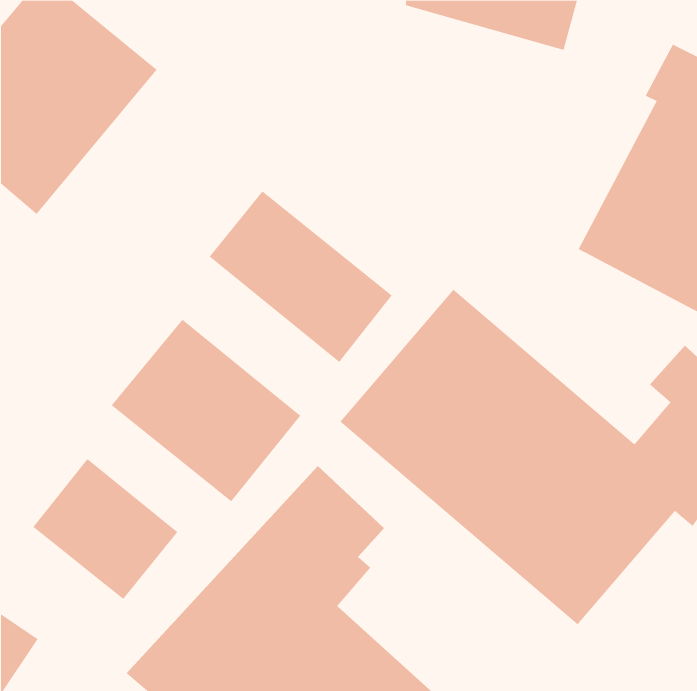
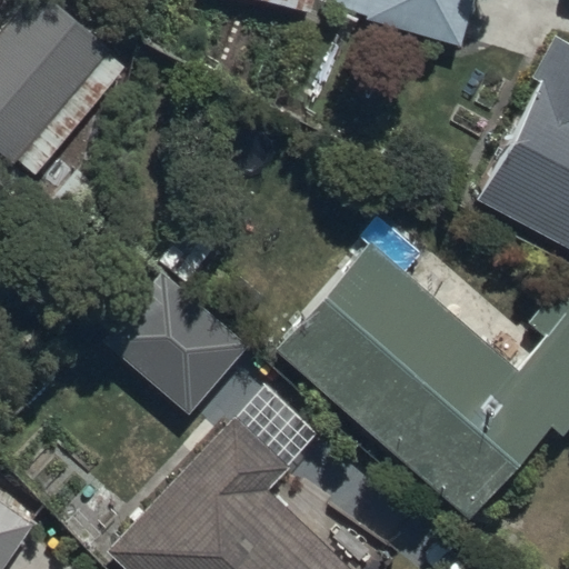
building: [209,190,393,363] -> none
building: [33,458,178,600] -> none

